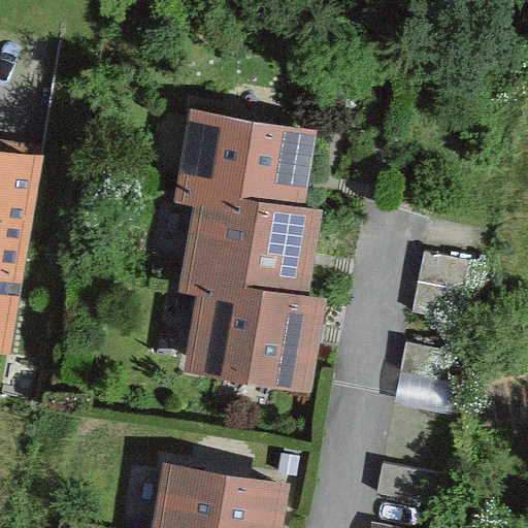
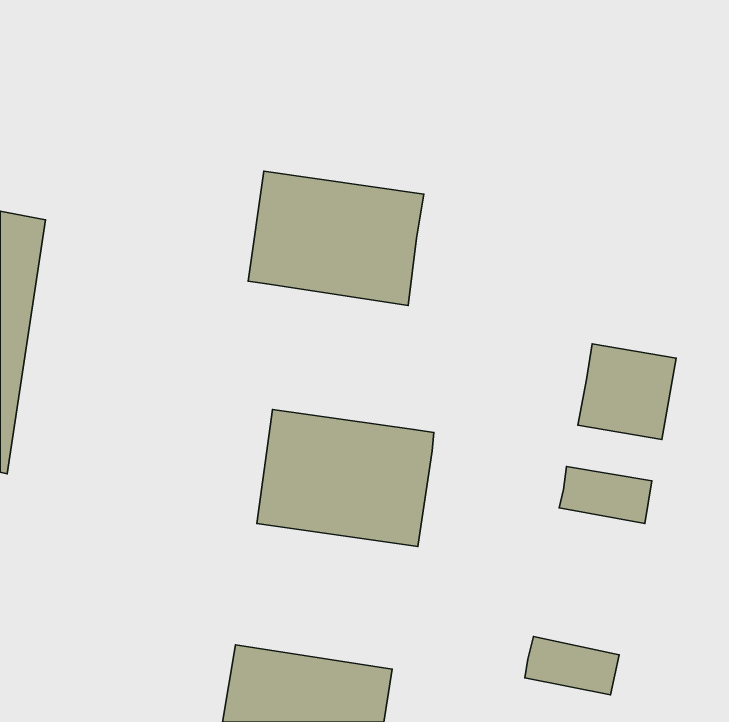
building: [179,205,312,310] -> none

